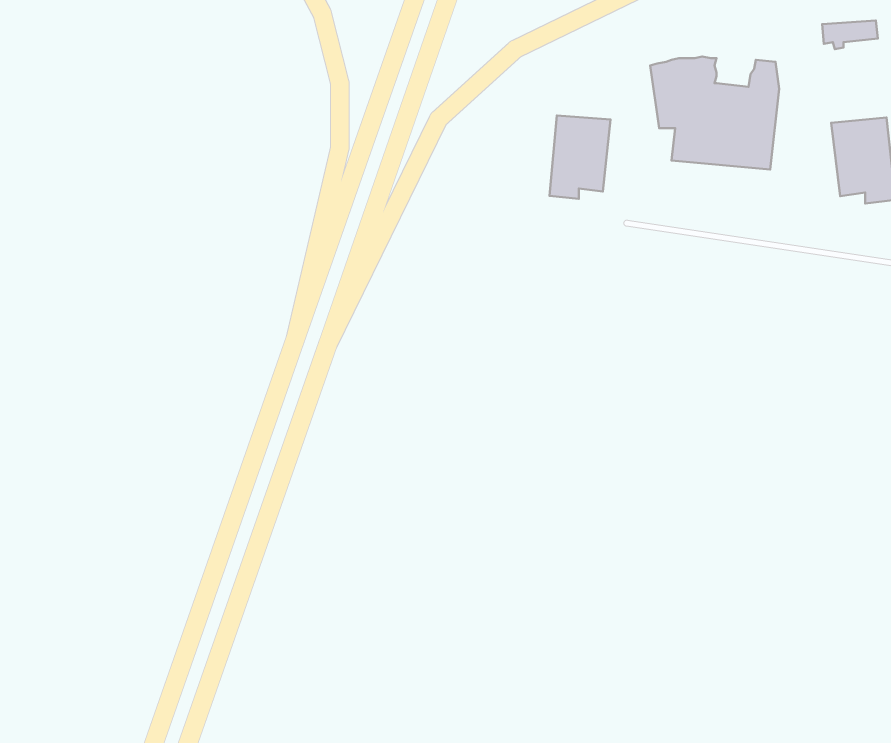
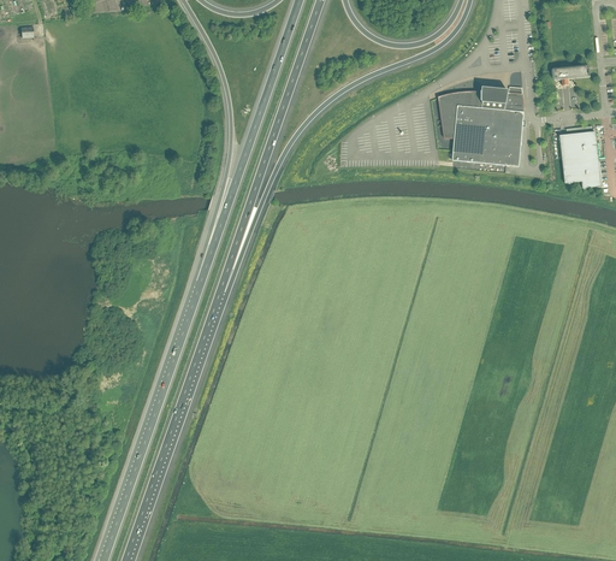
building: [550,115,610,199] -> none

